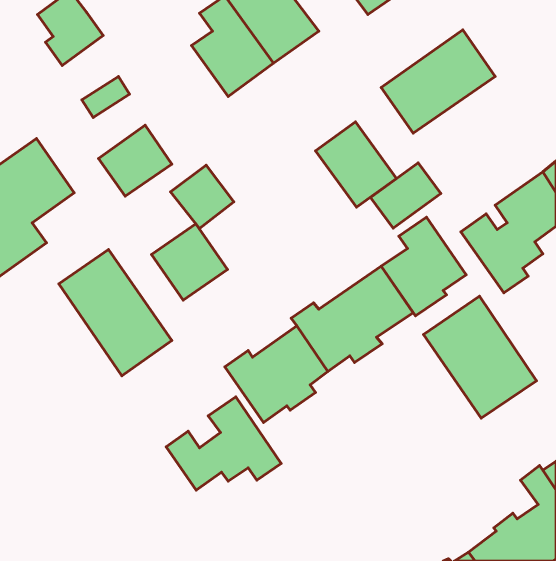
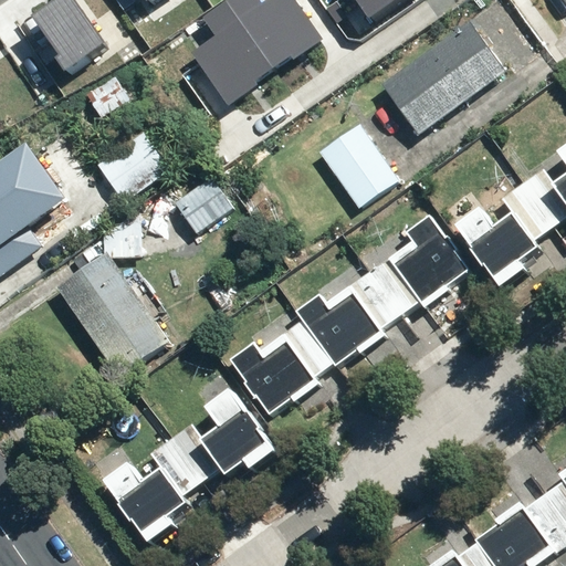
building: [371,163,441,228] -> none
building: [152,224,227,300] -> none
building: [424,296,536,418] -> none
building: none -> [107,447,193,547]

